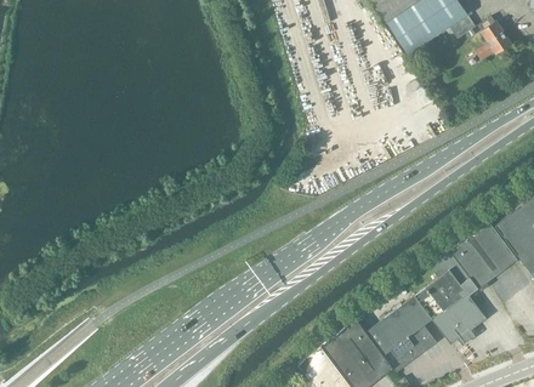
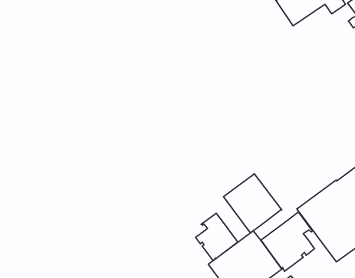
building: none -> [223,174,282,233]
building: none -> [196,213,238,260]

